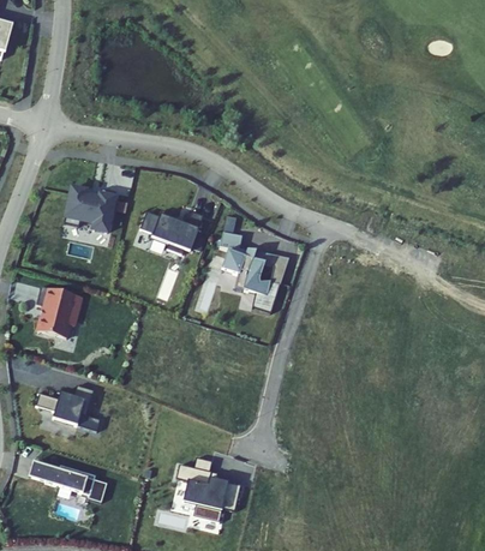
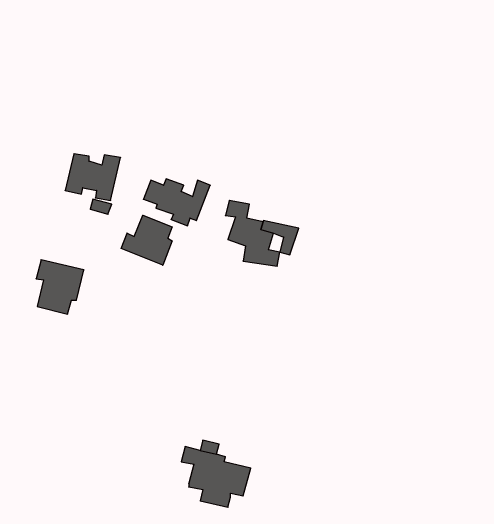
building: none -> [121,215,172,265]
building: [35,387,94,426] -> none
building: [29,460,96,493] -> none

